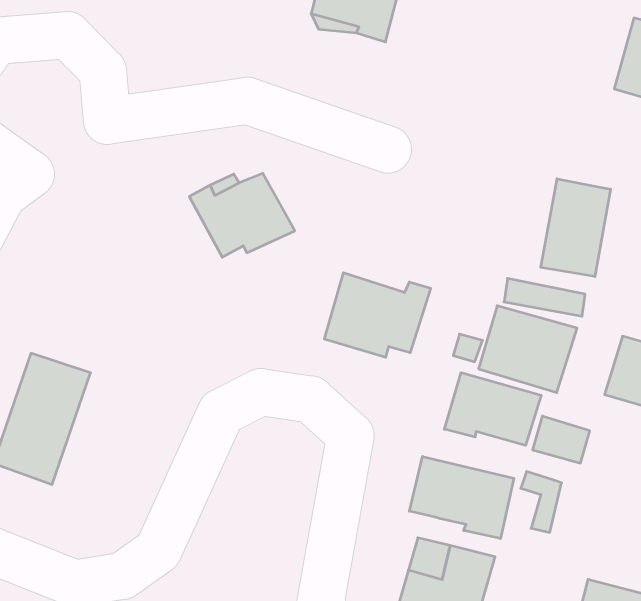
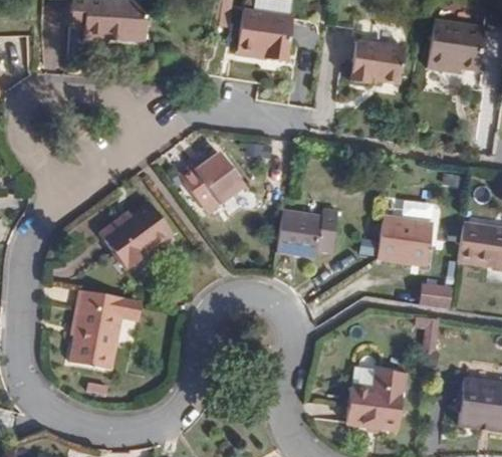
building: none -> [349,40,403,82]
building: [541,179,611,277] -> none
building: none -> [97,201,172,262]
building: [444,373,541,445] -> none
building: [409,456,514,539] -> none

